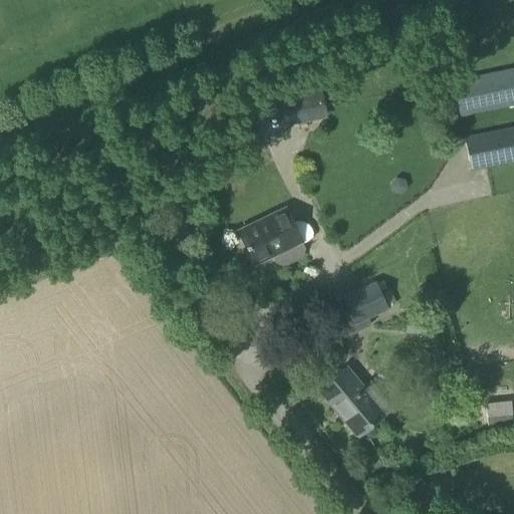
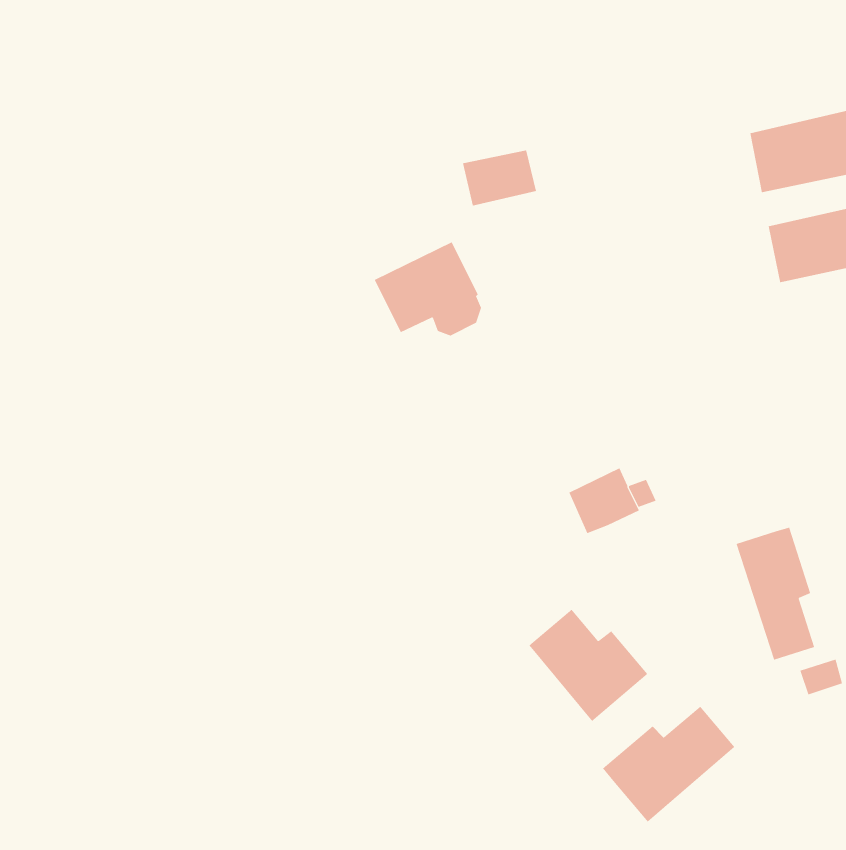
building: [240,208,305,265] -> [374,241,482,336]
building: none -> [736,527,815,660]
building: none -> [602,706,735,823]

